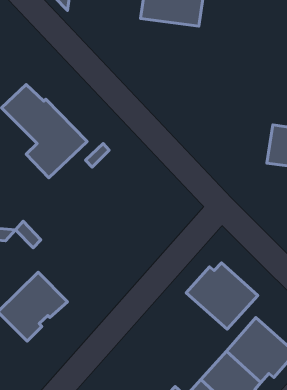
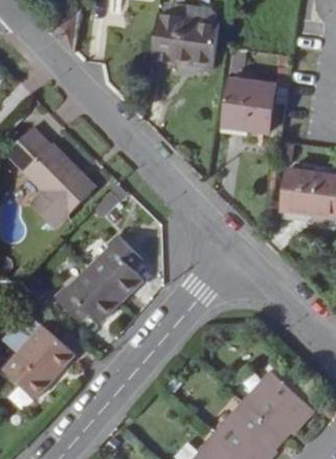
building: none -> [220,79,273,133]
building: none -> [53,233,142,323]
building: [186,263,258,329] -> none

